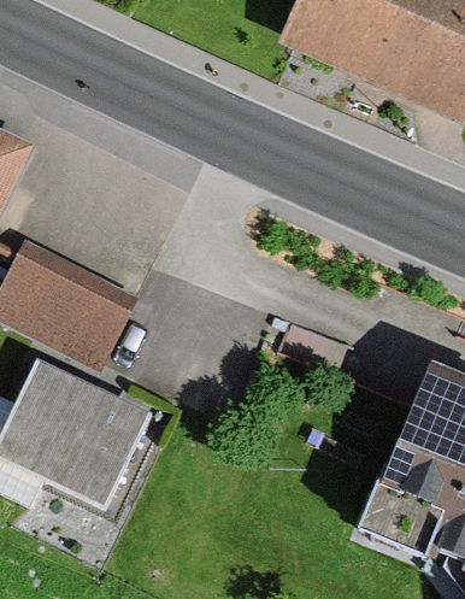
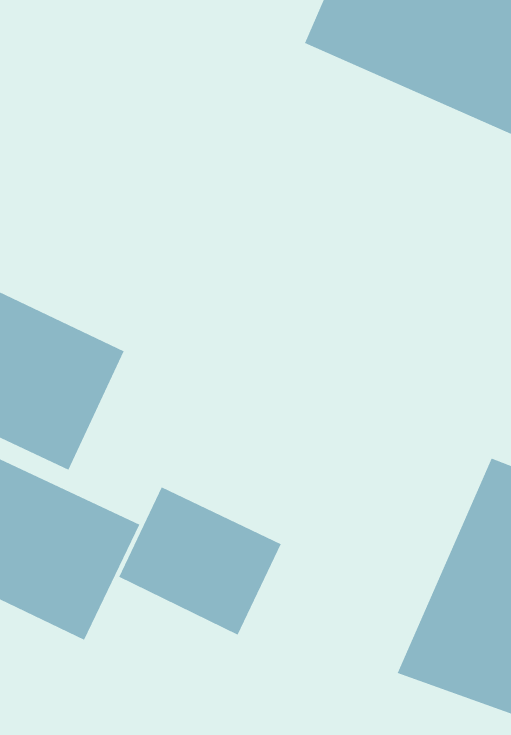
building: none -> [119,486,282,635]

